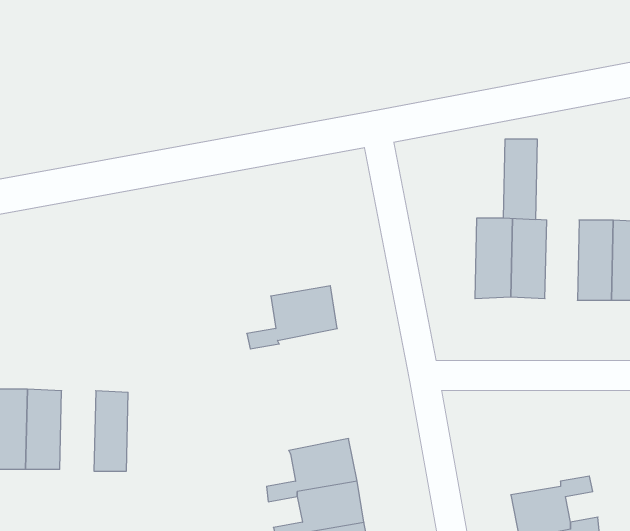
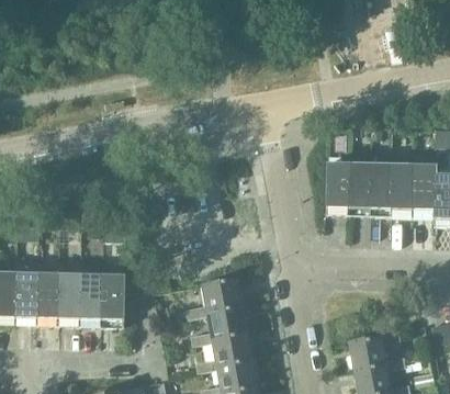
building: [503,139,537,219] -> [370,162,392,214]
building: [247,286,337,349] -> [185,275,244,316]
building: none -> [58,272,81,324]
building: none -> [101,273,125,325]

